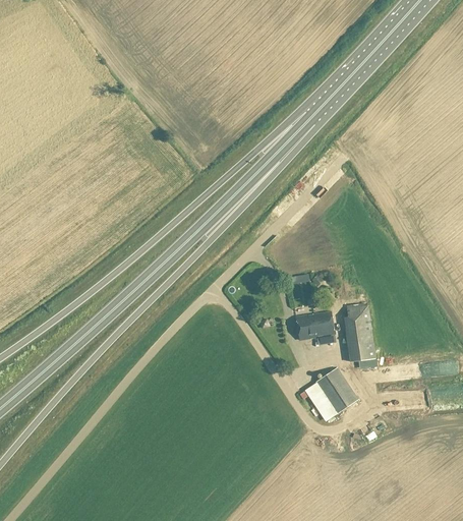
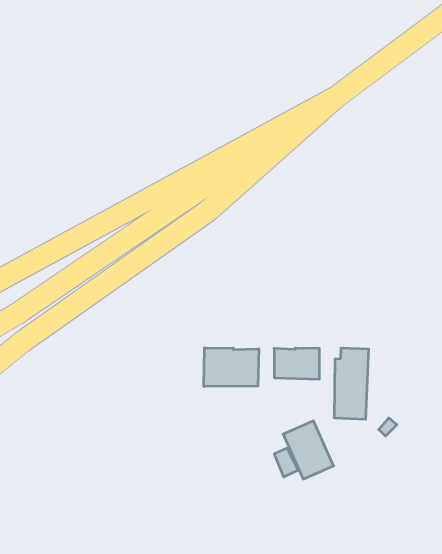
building: none -> [204,348,259,387]

